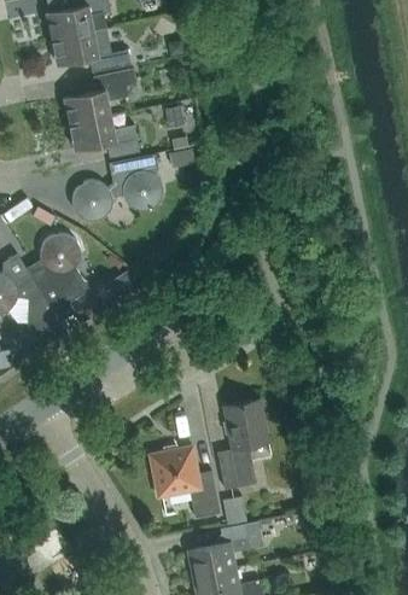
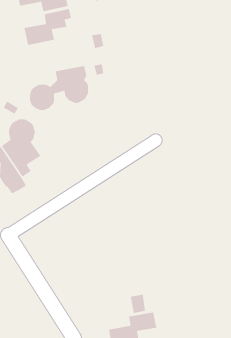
building: [69,115,139,157] -> none
building: [216,397,269,490] -> none
building: [147,444,220,519] -> none

